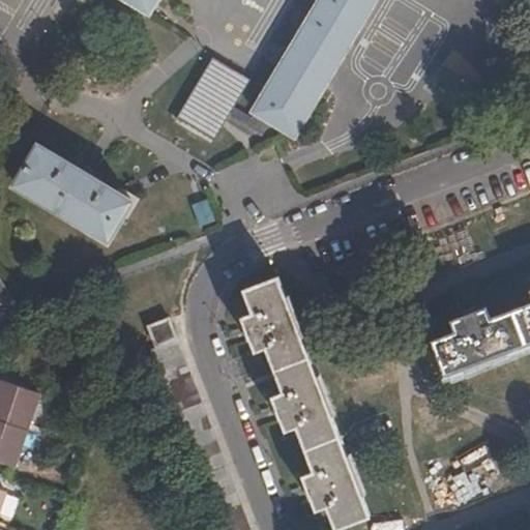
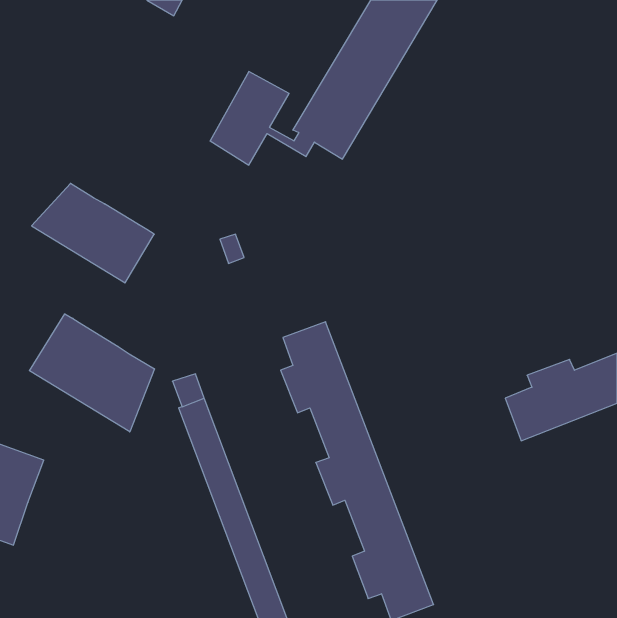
building: [11,144,60,195] -> none
building: none -> [29,314,154,432]

